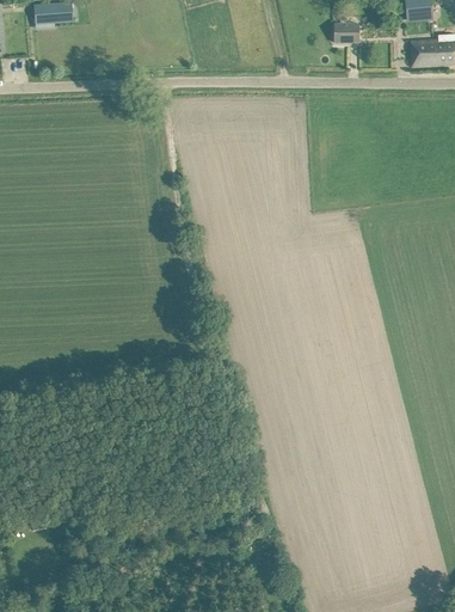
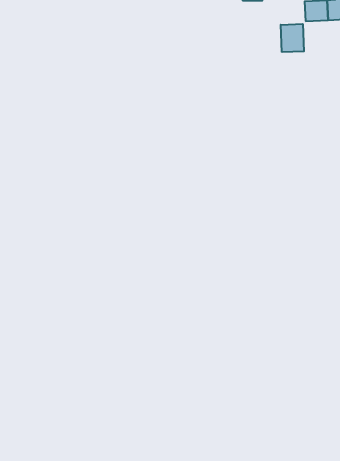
building: none -> [281,24,304,52]

